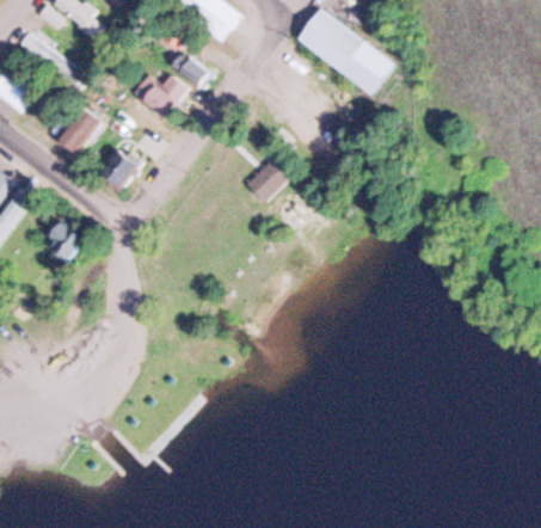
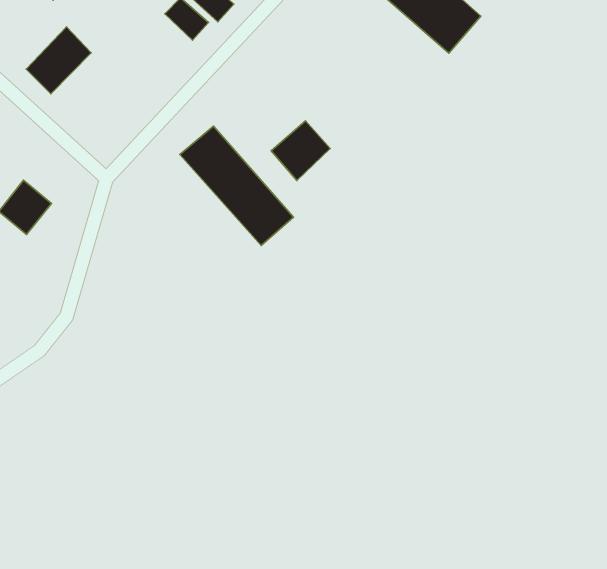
building: [134,84,172,121] -> none
building: [102,147,143,190] -> none
building: none -> [180,126,293,246]

